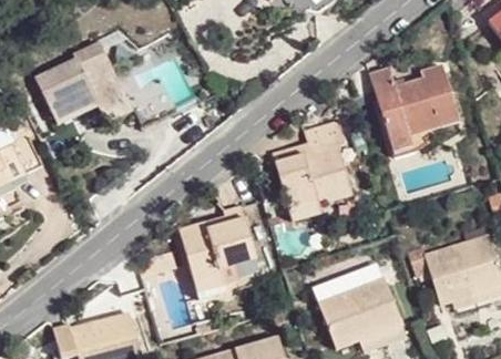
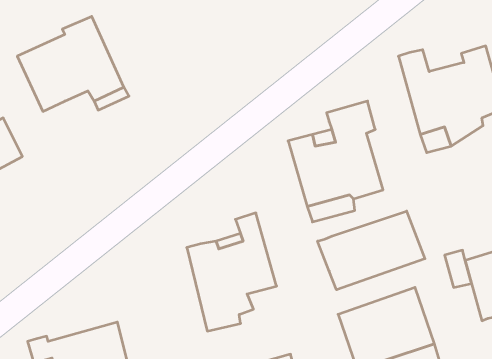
building: none -> [318,211,425,290]

